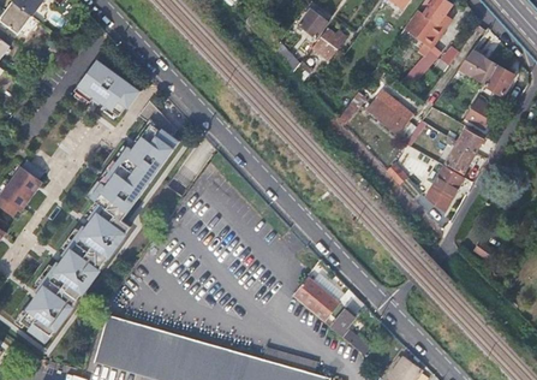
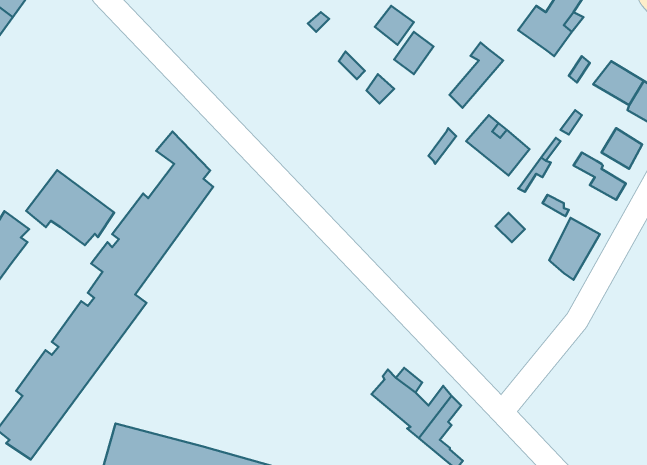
building: [401,41,441,89] -> [449,43,503,108]
building: [74,60,139,115] -> [26,170,114,245]
building: [435,131,476,173] -> none

